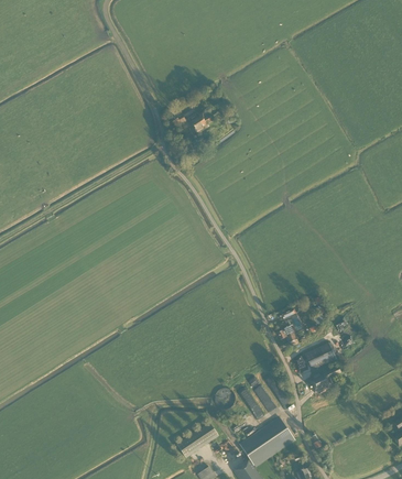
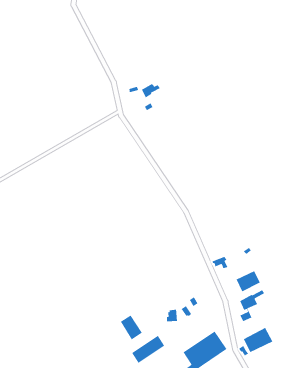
building: none -> [120,315,143,340]
building: none -> [243,327,273,353]

